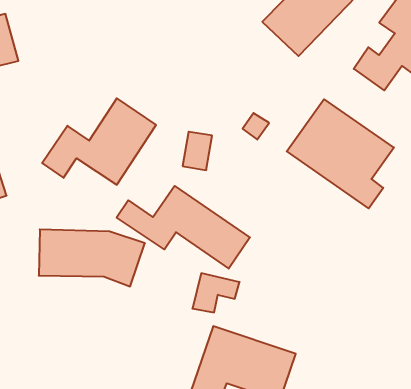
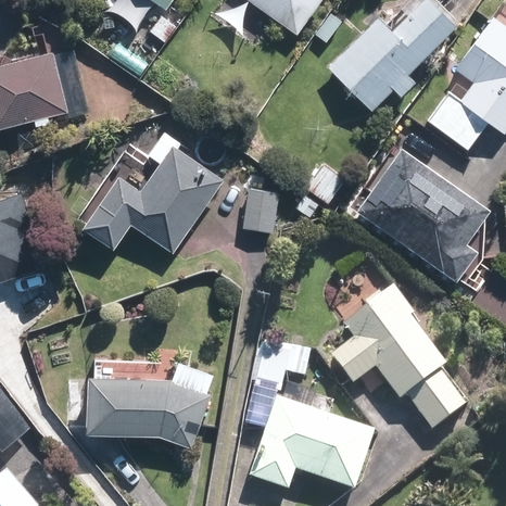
building: [117,186,250,269] -> none
building: none -> [336,295,459,423]
building: [39,229,145,286] -> [89,380,206,443]

